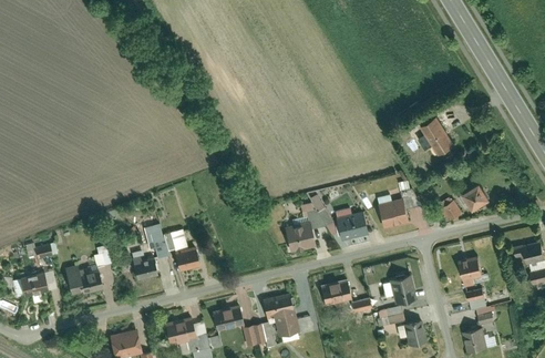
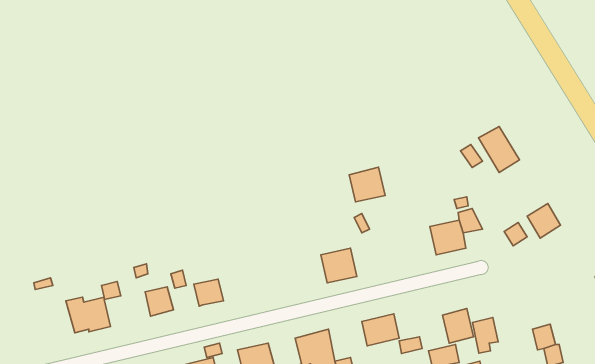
building: [337,211,368,241] -> [349,167,385,202]
building: [459,257,481,288] -> [472,317,498,353]
building: [20,273,48,298] -> none

